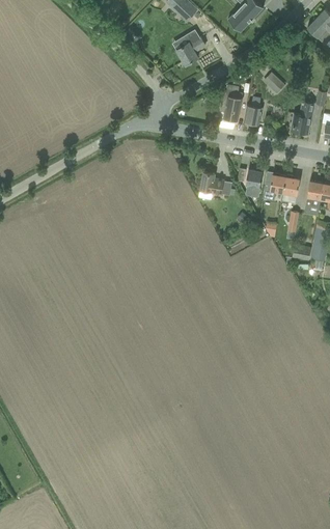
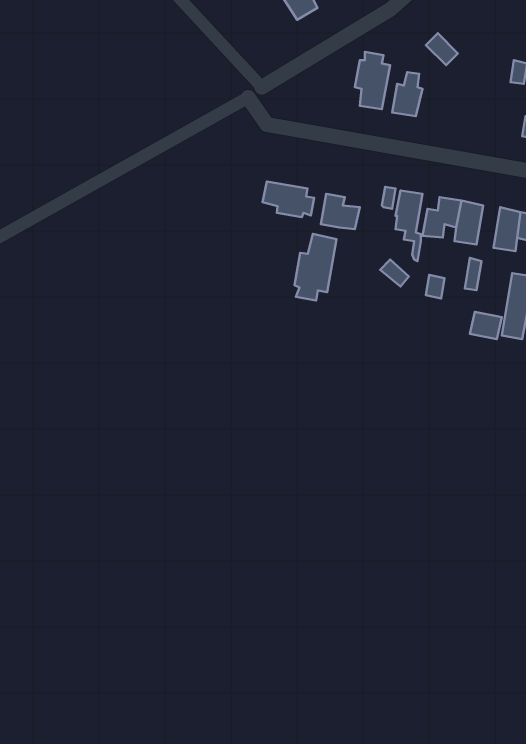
building: [293,101,314,134] -> none
building: none -> [262,181,314,217]
building: none -> [294,234,336,301]

